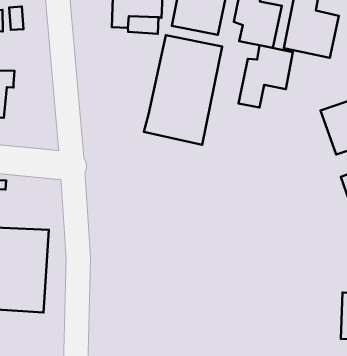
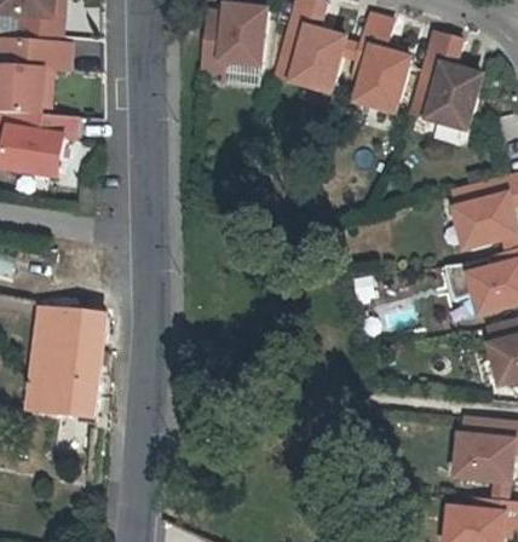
building: [144,35,222,145] -> none
building: [239,45,293,107] -> none

